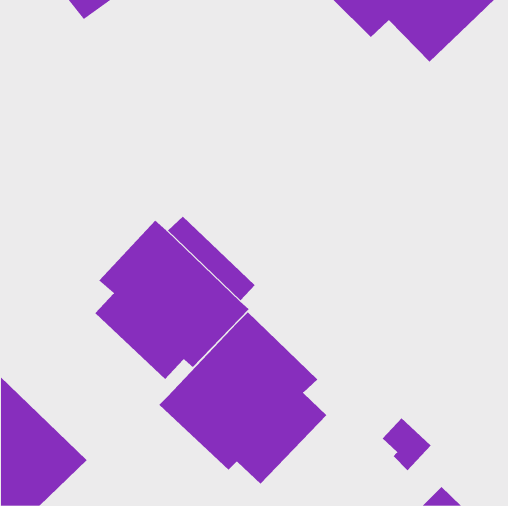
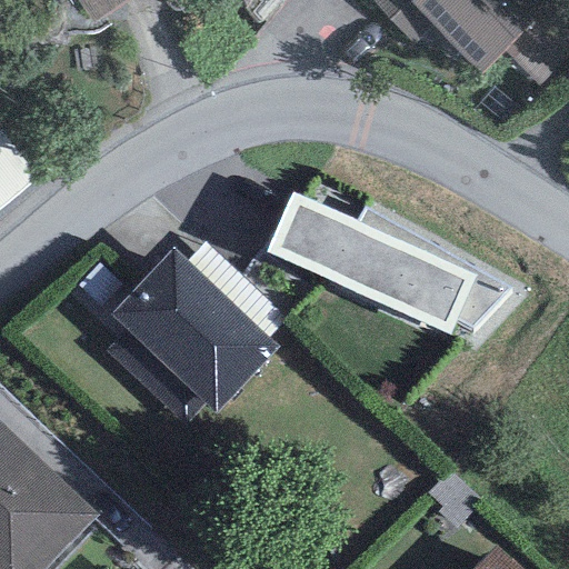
building: none -> [266,191,508,333]
building: [158,311,327,485] -> none

